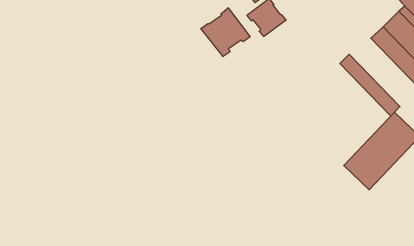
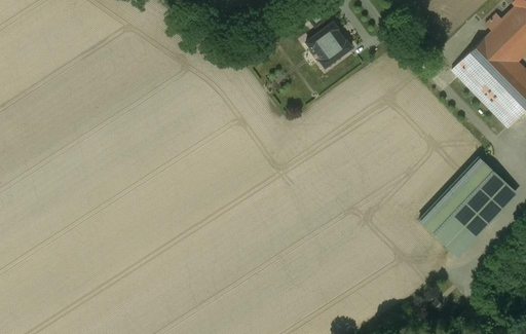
building: [201,8,250,57] -> none
building: [340,54,400,116] -> none

